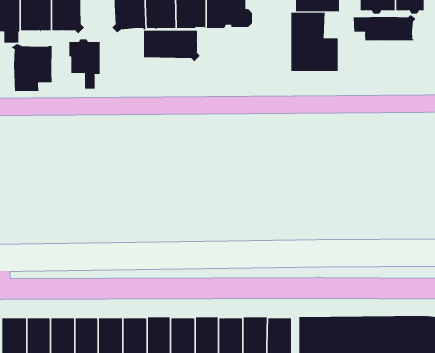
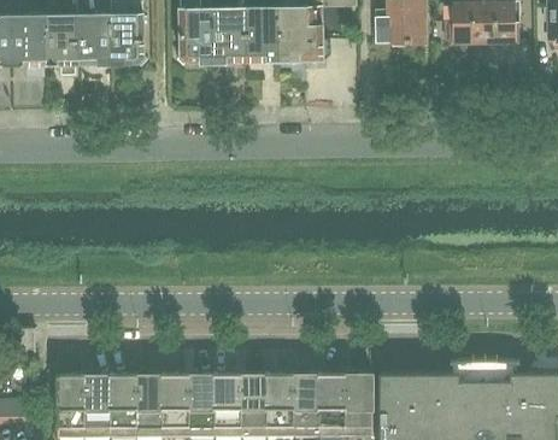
building: [291,12,338,72] -> none
building: [353,14,417,41] -> none
building: [143,30,201,62] -> none
building: [69,38,100,89] -> none
building: [10,43,52,92] -> none

